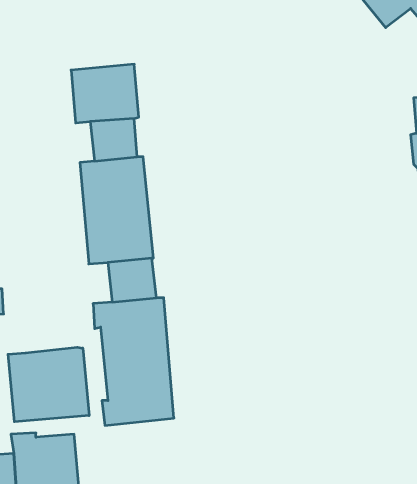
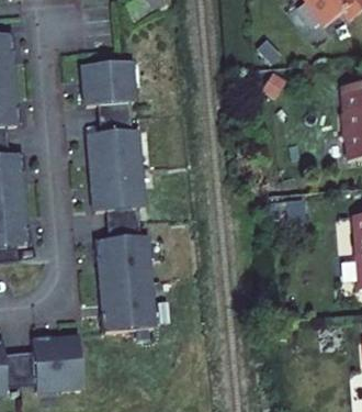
building: [8,347,89,422] -> none

